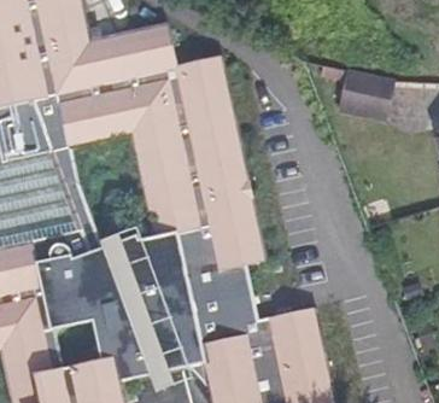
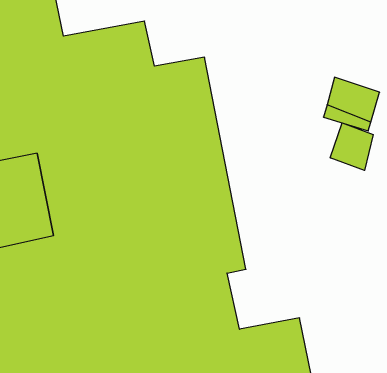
building: none -> [330,123,373,170]

